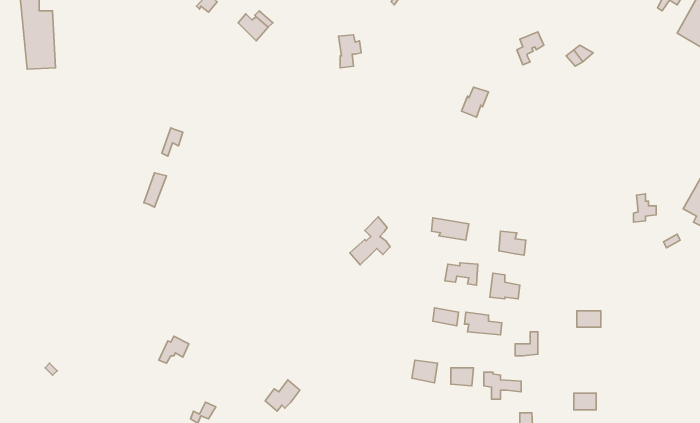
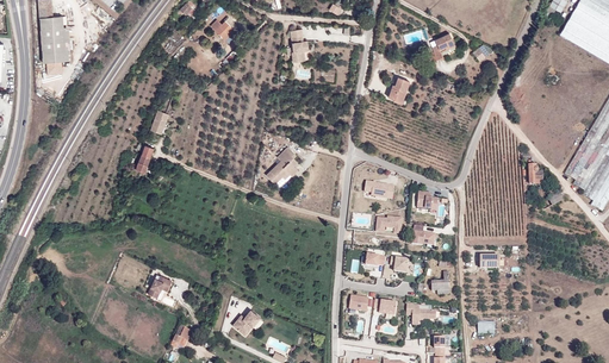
building: [350,217,390,265] -> [266,145,298,183]

